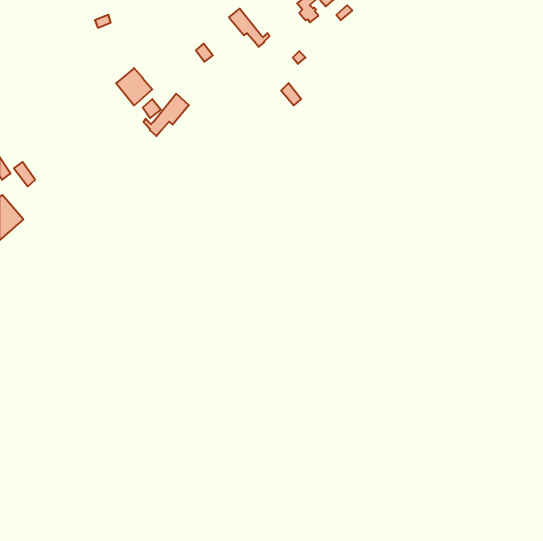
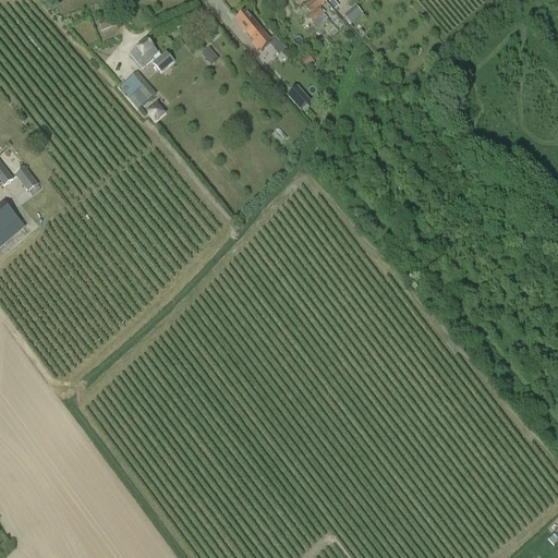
building: none -> [129,37,167,66]
building: [143,94,189,136] -> none

